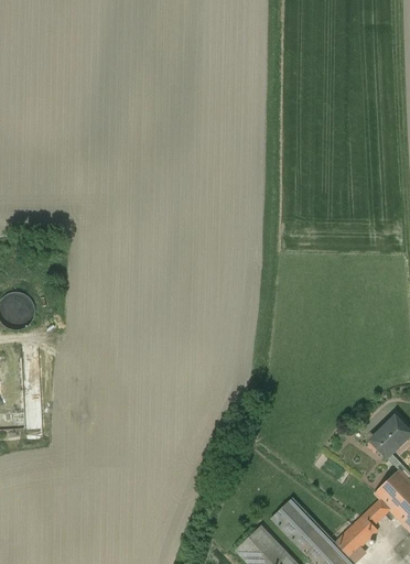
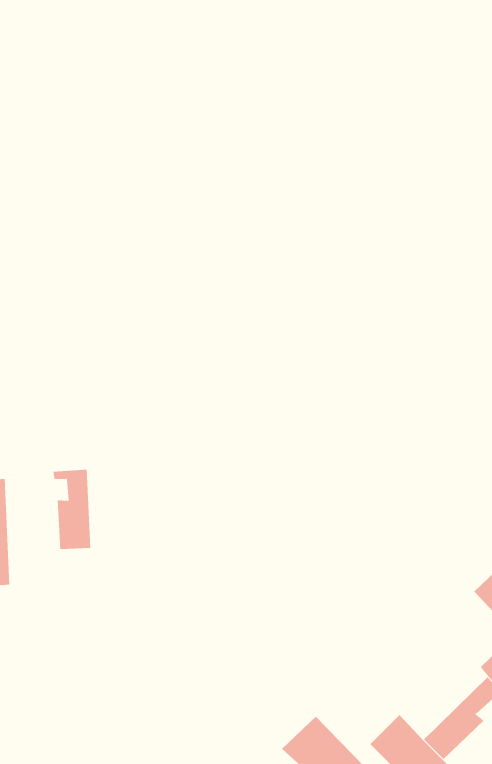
building: none -> [52,469,91,550]
building: [271,498,319,546] -> none

